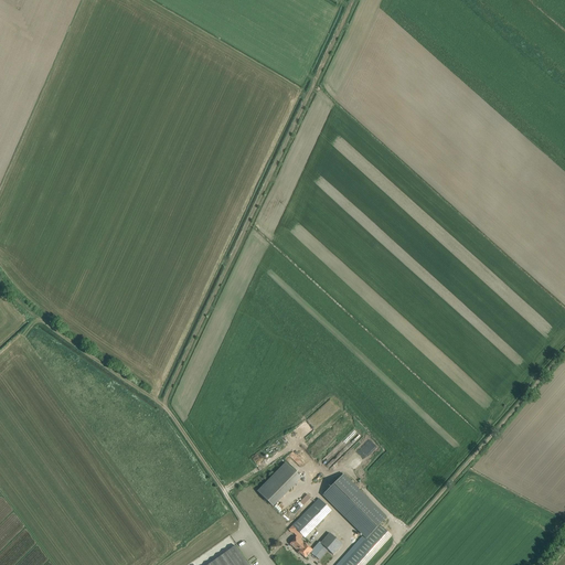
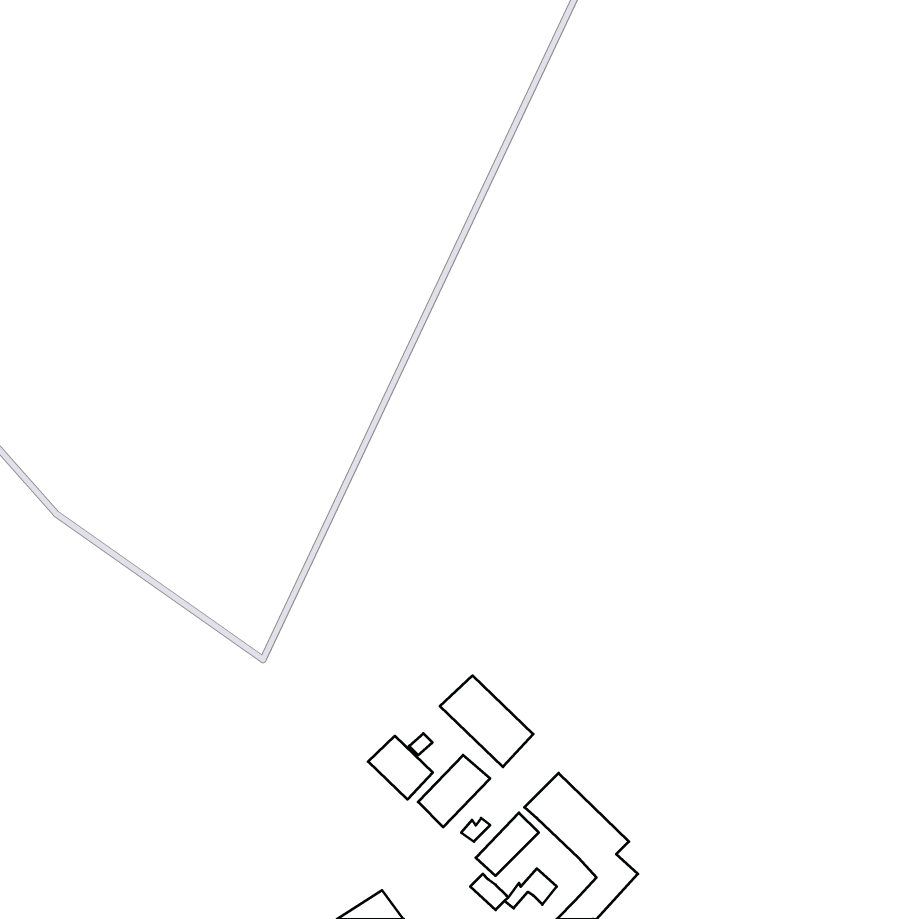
building: none -> [440,676,533,767]
building: none -> [368,736,433,799]

